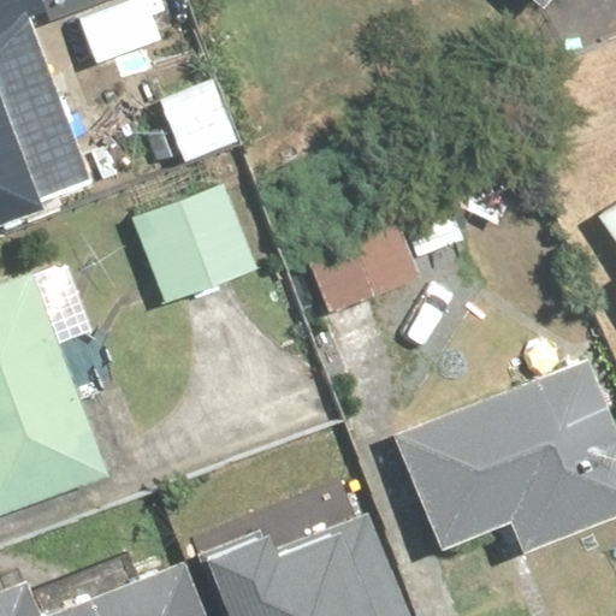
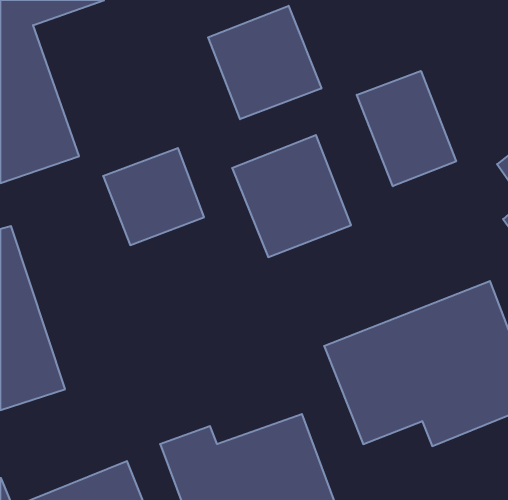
building: none -> [208,6,321,119]
building: none -> [357,71,456,186]

